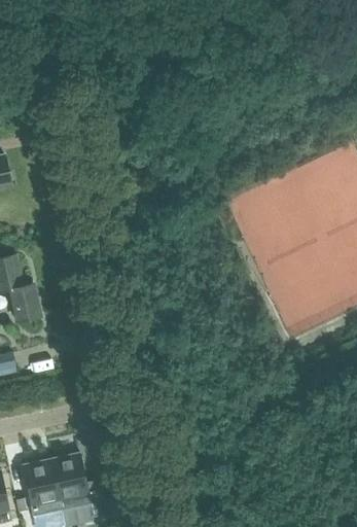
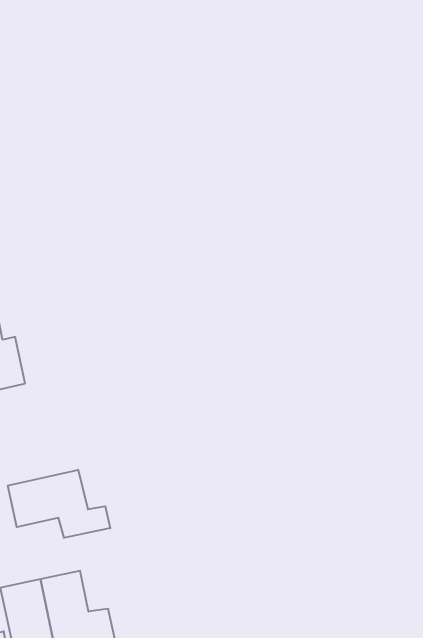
building: none -> [8,470,110,538]

